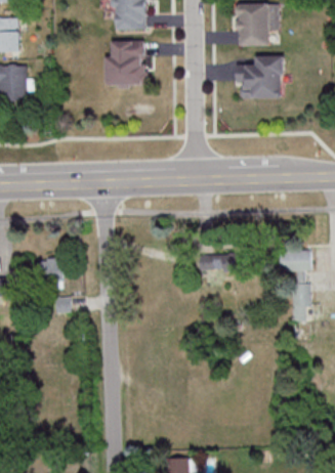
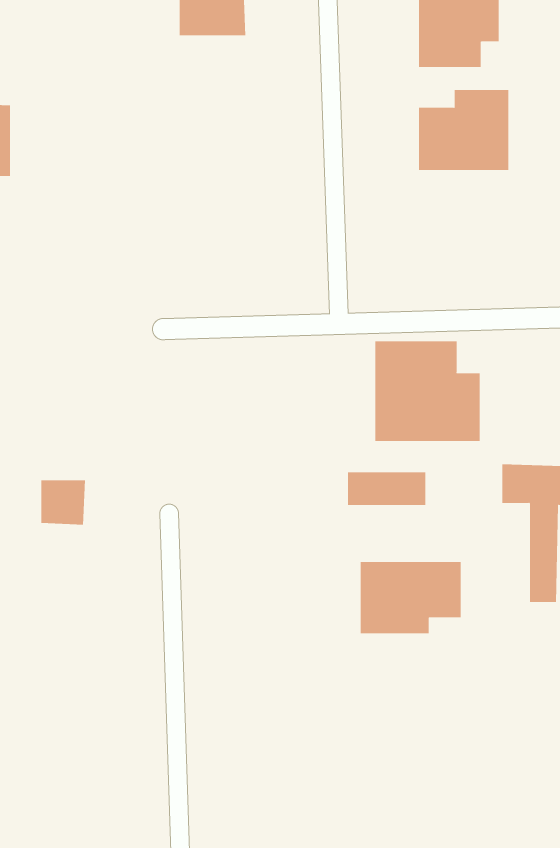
building: [103,42,146,86] -> none
building: none -> [375,341,480,442]
building: none -> [360,561,461,634]

